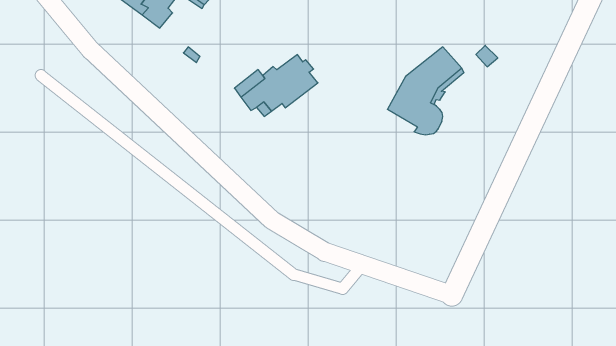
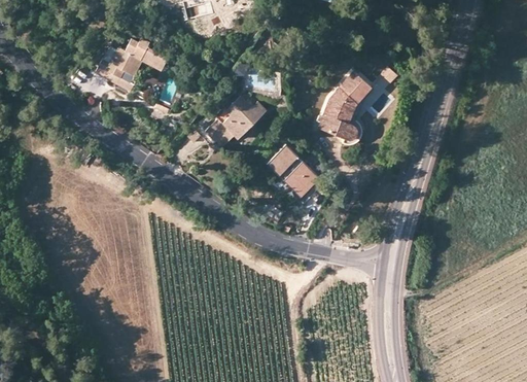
building: none -> [266,143,318,196]

